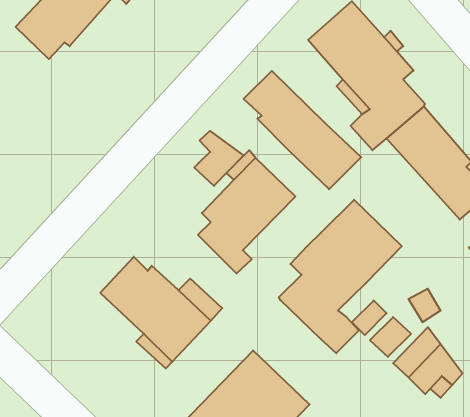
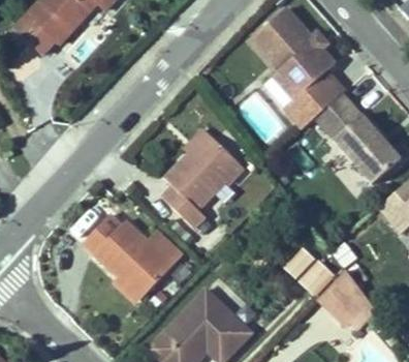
building: [244,71,361,189] -> none
building: [194,131,243,186] -> none
building: [279,200,402,353] -> none

